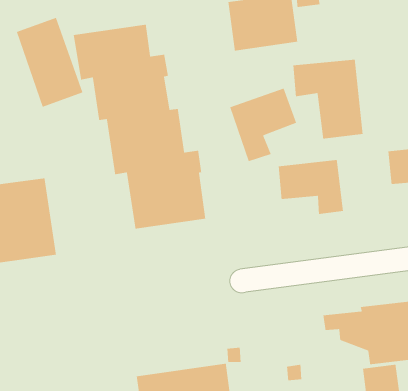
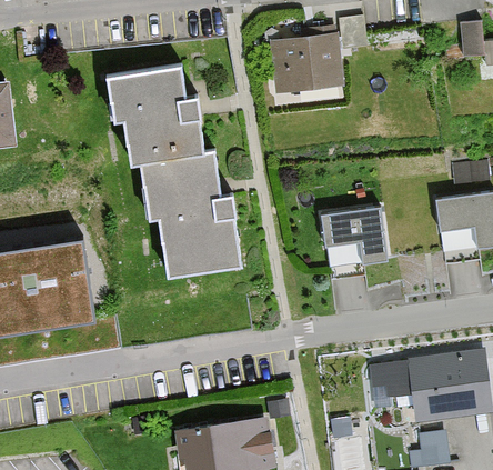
building: [16,17,84,108] -> none
building: [292,59,364,139] -> none
building: [229,88,297,162] -> none

